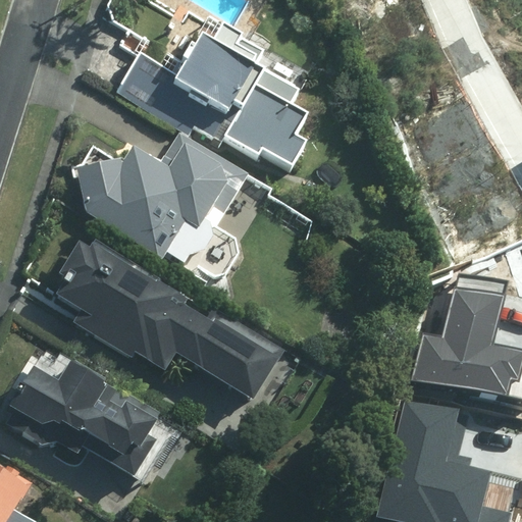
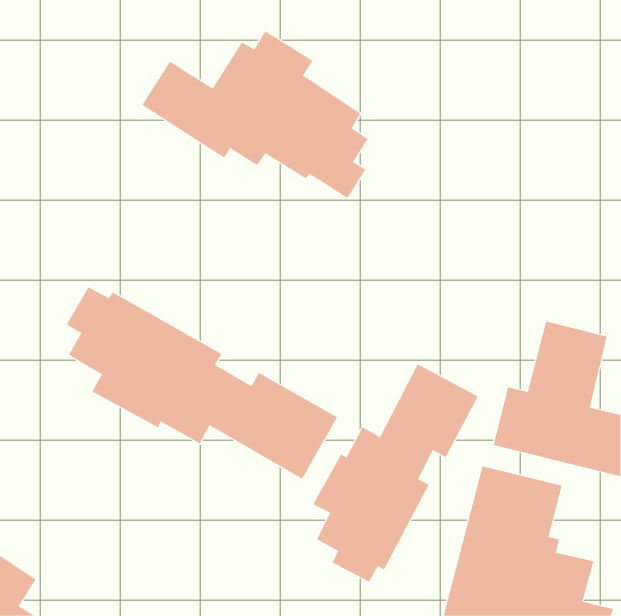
building: [76,130,247,273] -> none
building: none -> [313,363,478,582]
building: [14,365,172,481] -> none

